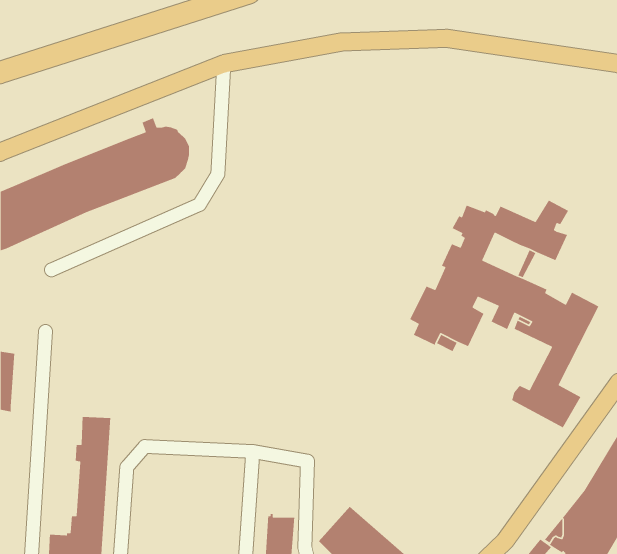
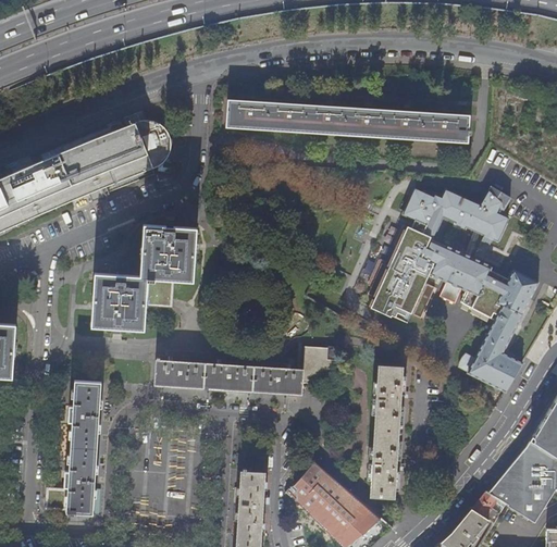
building: none -> [226,101,471,142]
building: none -> [91,219,196,333]
building: none -> [154,346,338,395]
building: none -> [369,365,406,498]

